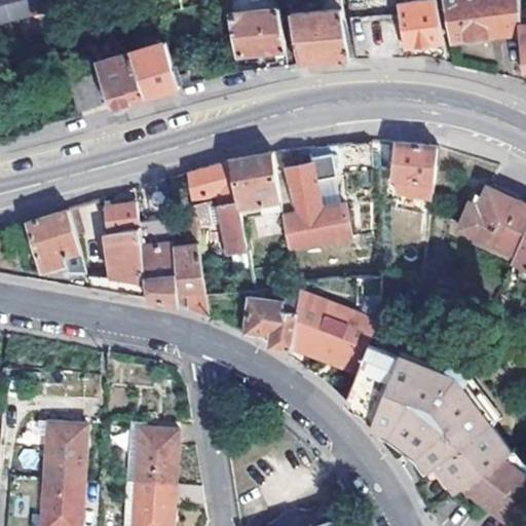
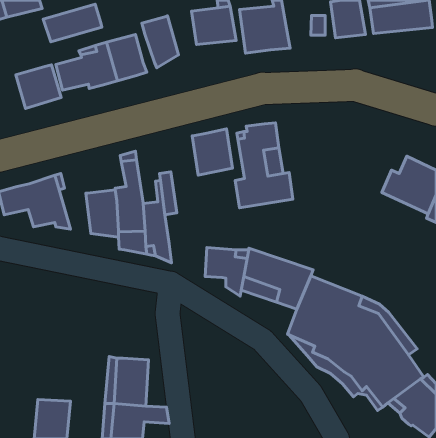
building: none -> [43,4,102,42]
building: none -> [142,16,179,68]
building: none -> [16,65,61,108]
building: [391,145,437,200] -> none
building: [187,163,245,255] -> none
building: [102,203,138,232] -> none
building: [45,422,87,481] -> none

